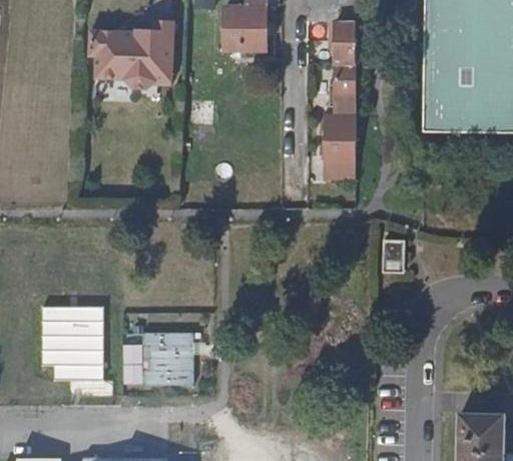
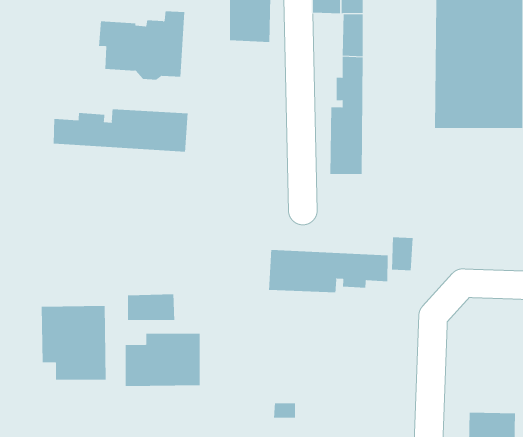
building: none -> [53,109,188,152]
building: none -> [268,249,388,293]
building: none -> [127,294,175,321]

